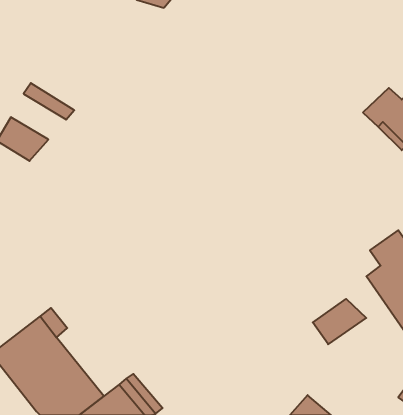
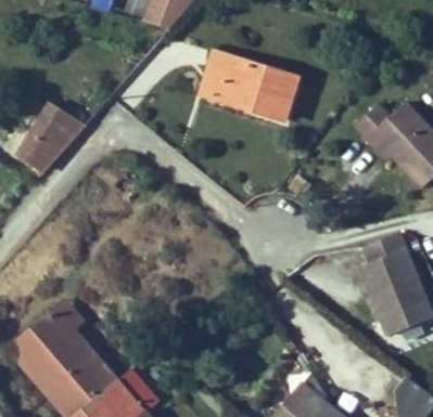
building: none -> [201,51,295,119]
building: none -> [28,109,79,152]
building: [313,299,366,344] -> none

